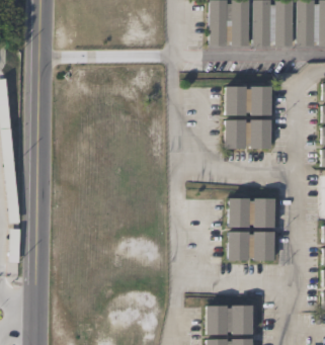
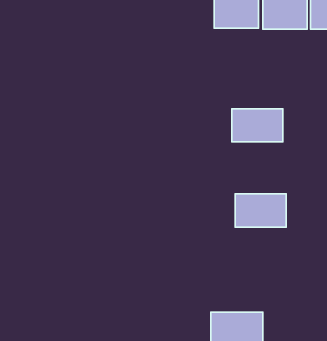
building: [225,86,272,116] -> none
building: [228,231,274,261] -> none

